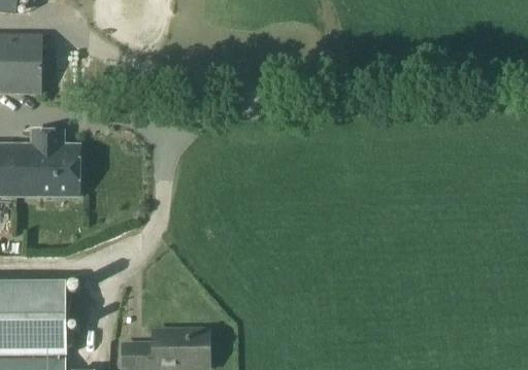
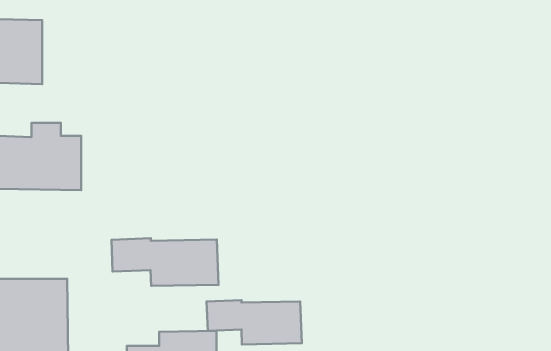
building: none -> [111,238,219,286]
building: none -> [207,300,302,344]

